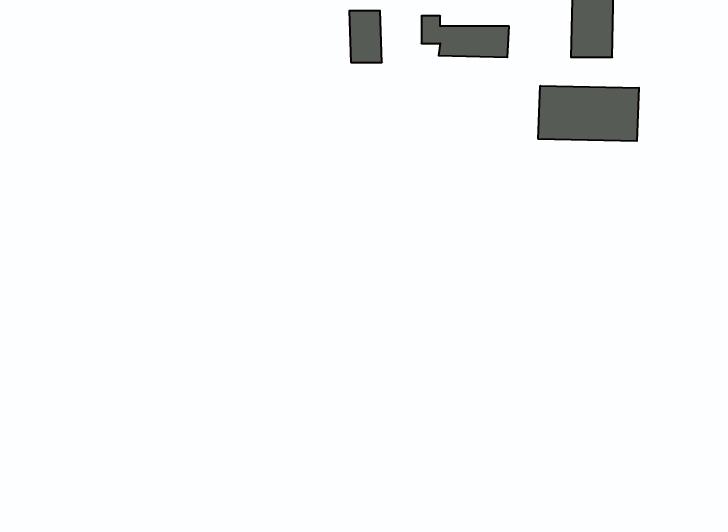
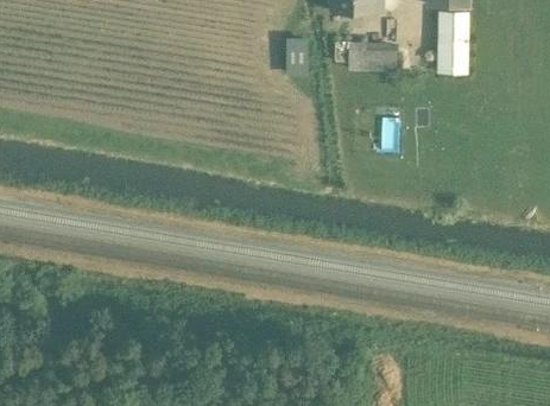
building: [538,86,639,141] -> none

